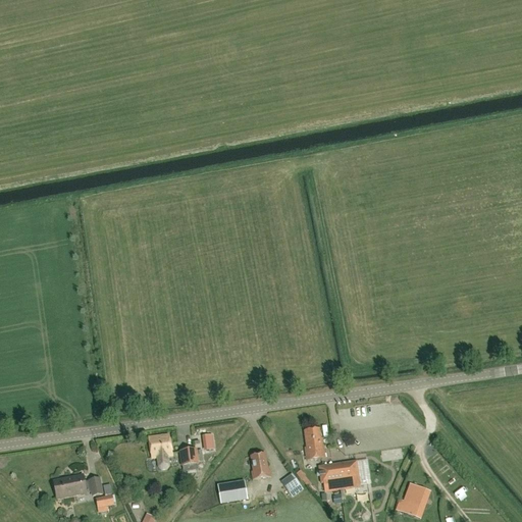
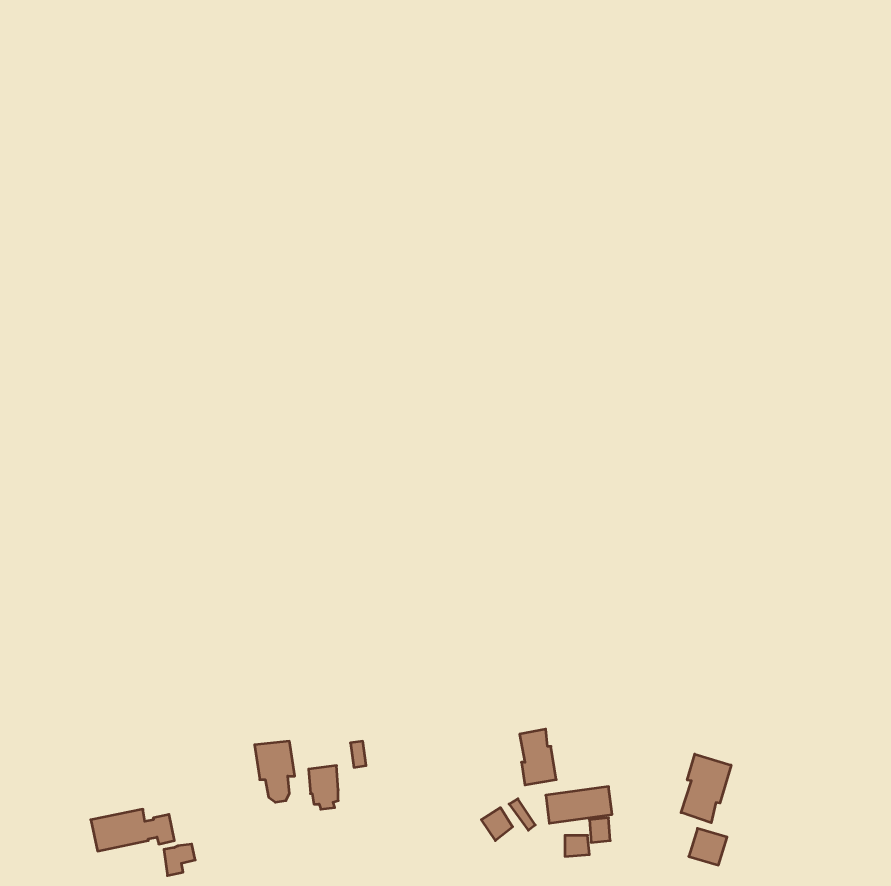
building: none -> [681,754,731,823]
building: [251,452,271,478] -> none
building: [218,479,247,502] -> none

